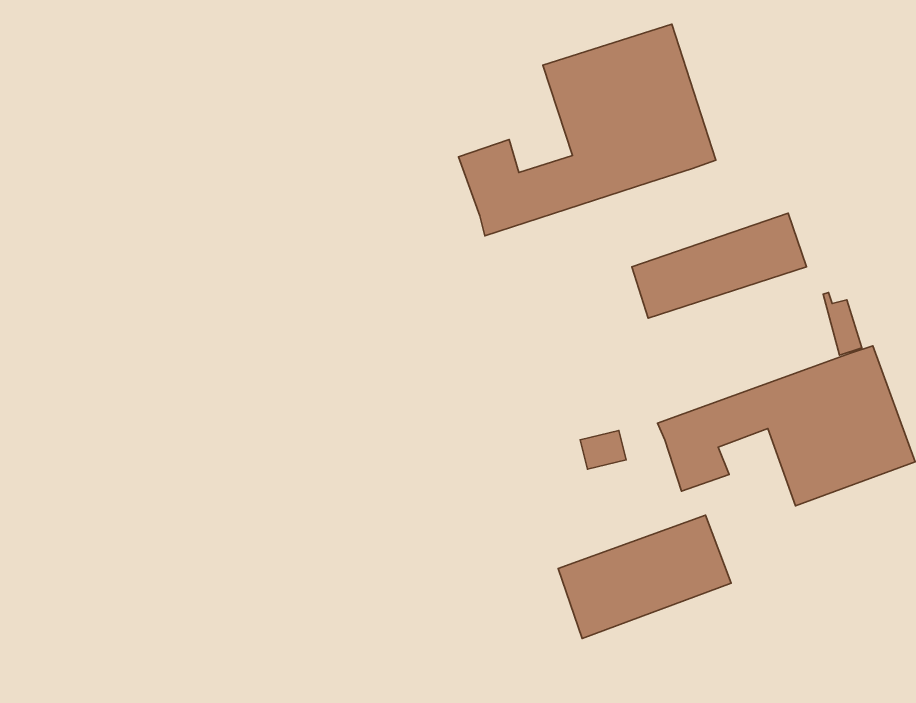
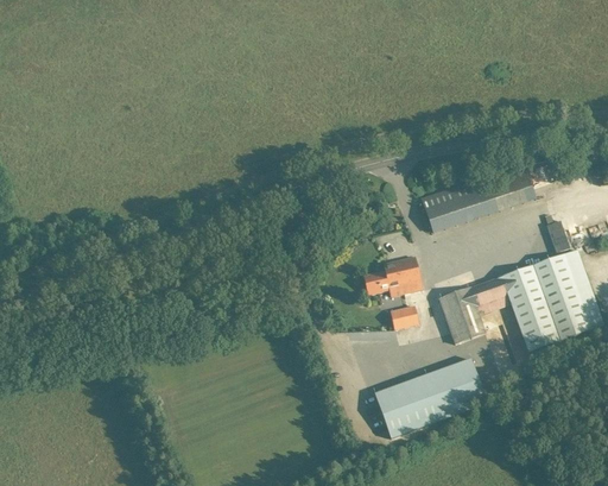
building: [458,24,716,236] -> none
building: none -> [363,257,422,296]

